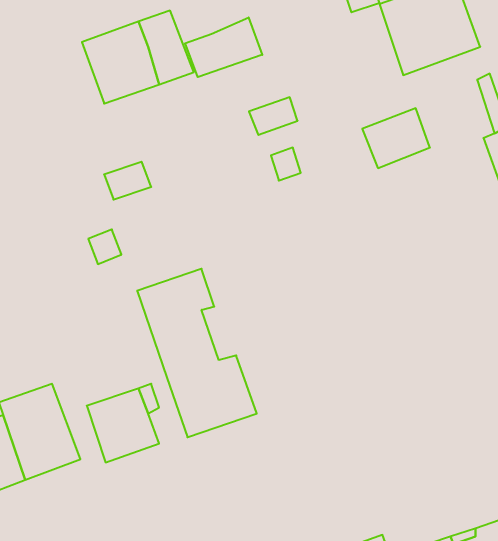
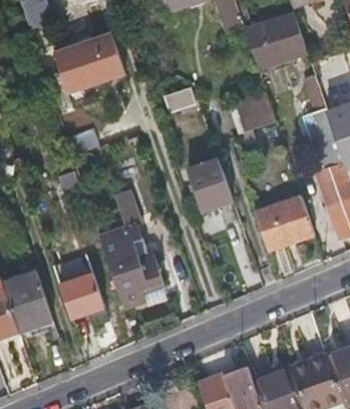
building: [185,17,262,77] -> none
building: none -> [189,156,233,210]
building: none -> [255,194,315,249]

